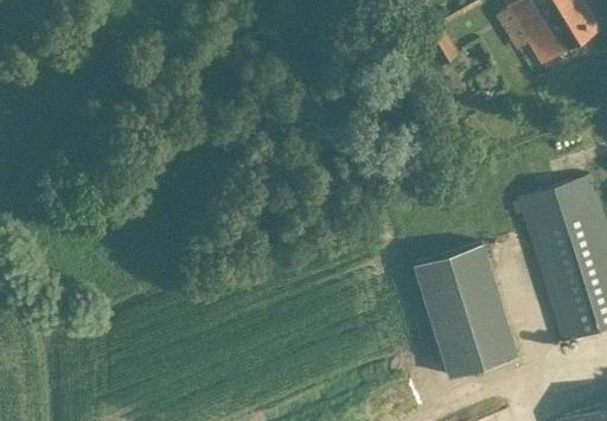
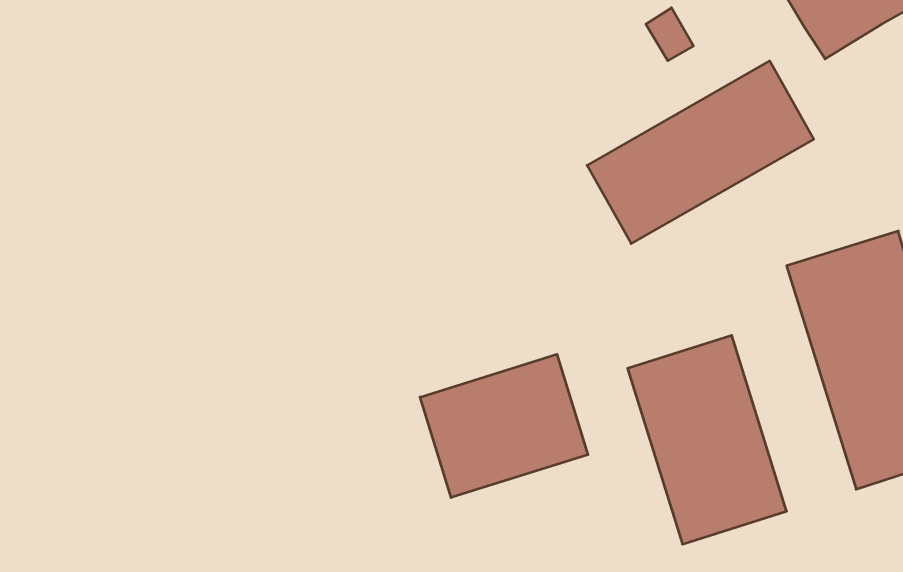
building: none -> [587,61,814,244]
building: none -> [420,354,588,498]

